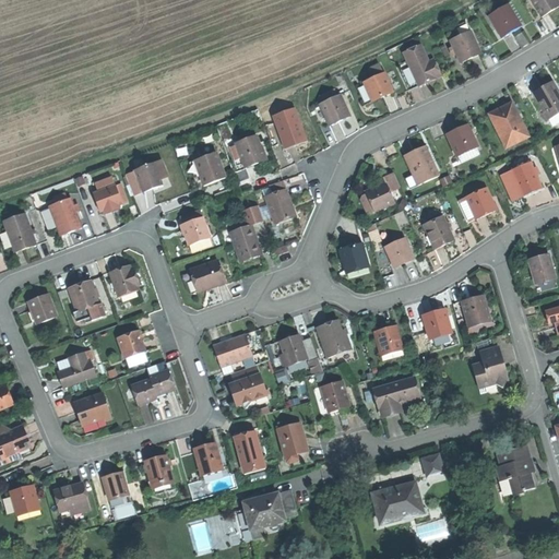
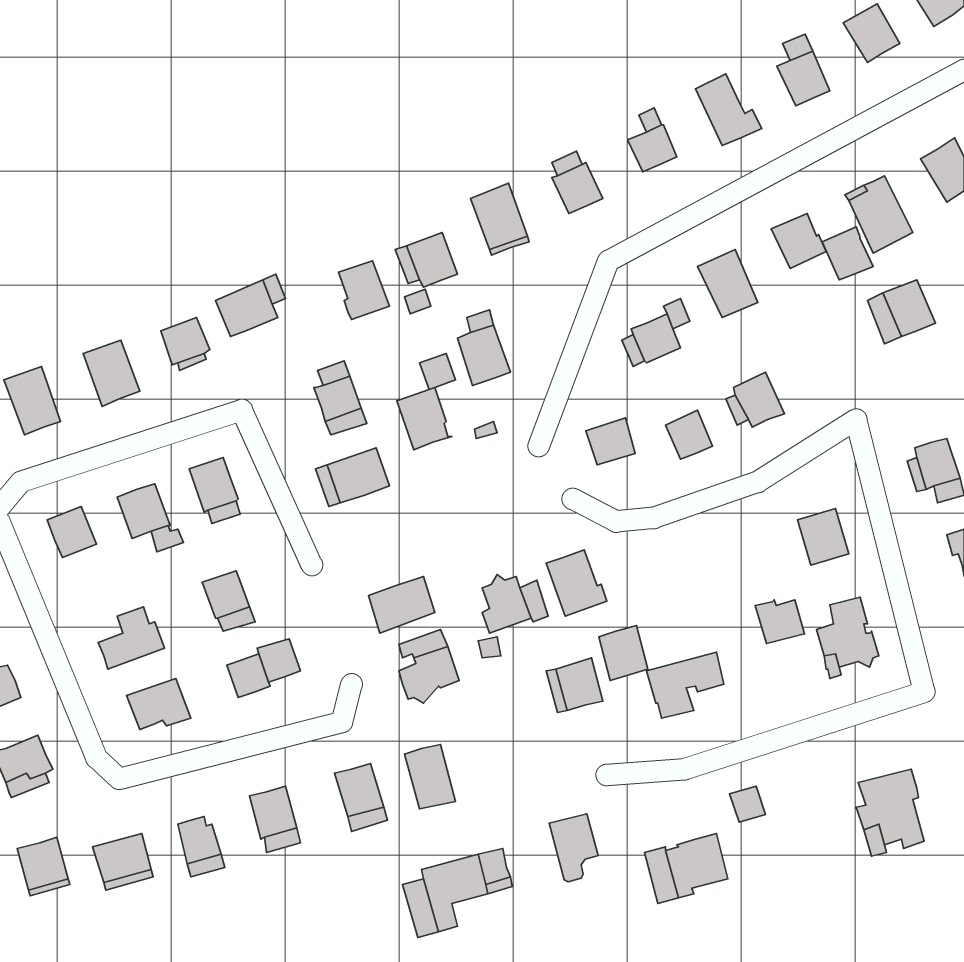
building: [465,187,495,217] -> [822,227,873,280]
building: [423,312,451,337] -> [755,600,804,643]
building: [373,323,402,355] -> [599,626,648,680]
building: [277,423,306,462] -> [549,814,598,882]

